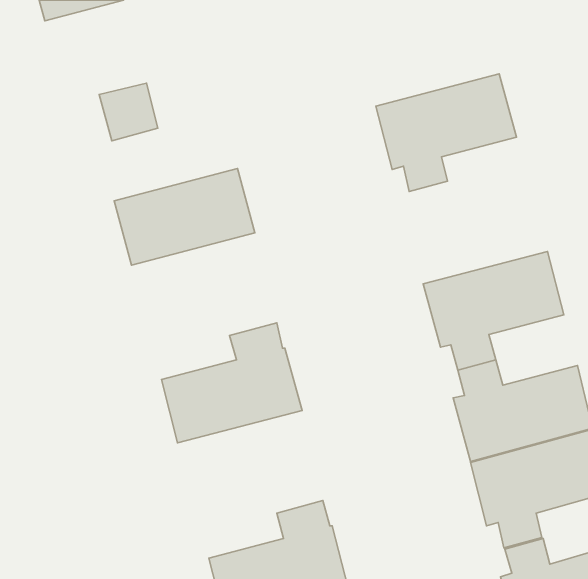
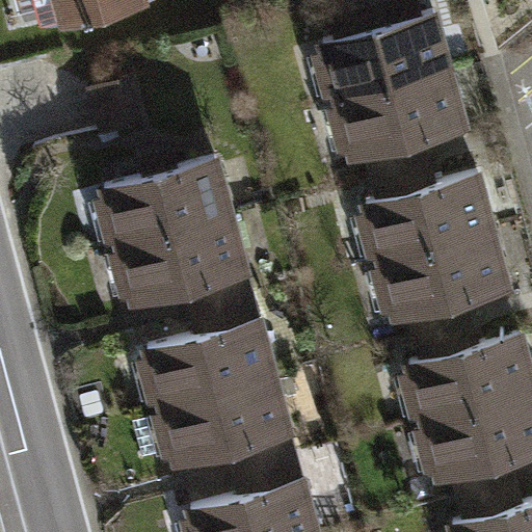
building: none -> [323,18,450,104]
building: none -> [367,174,494,265]
building: none -> [119,219,250,312]
building: none -> [161,379,292,472]

